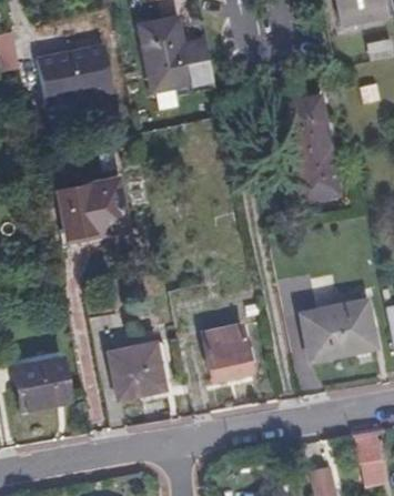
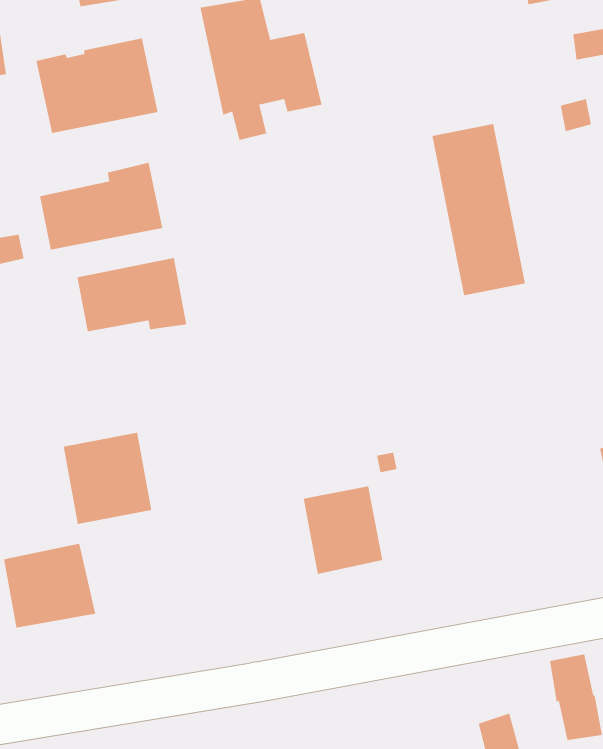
building: none -> [39,162,163,251]
building: [302,302,378,361] -> none
building: [109,337,164,395] -> [63,432,152,525]

